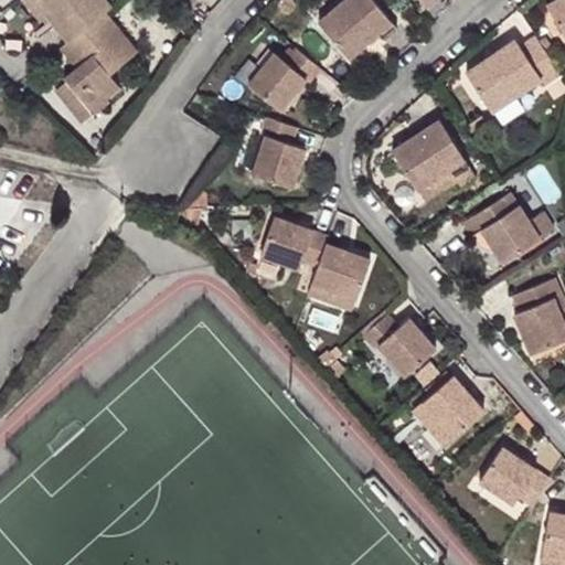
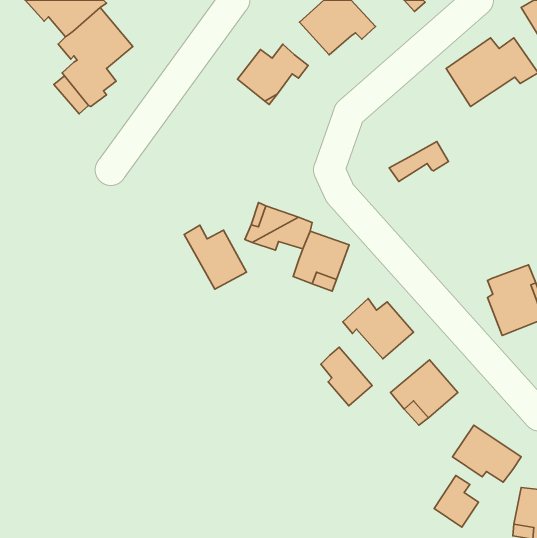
building: [250,117,302,188] -> none
building: [395,122,459,177] -> none
building: [462,193,554,264] -> none
building: none -> [184,225,247,289]
building: none -> [321,347,372,406]
building: none -> [434,476,479,527]

